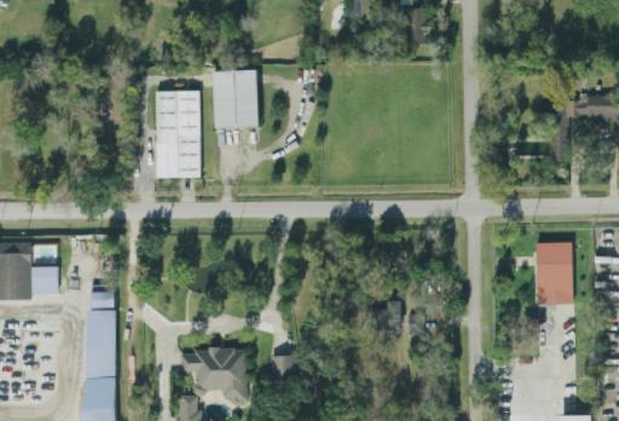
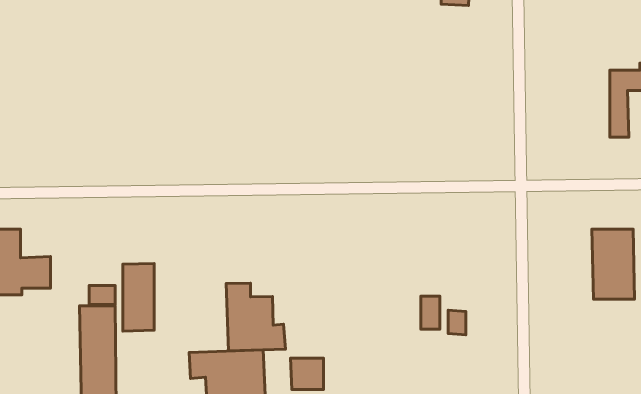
building: [214,70,259,128] -> none
building: [156,91,201,178] -> none
building: none -> [123,263,154,331]
building: none -> [226,283,285,351]

